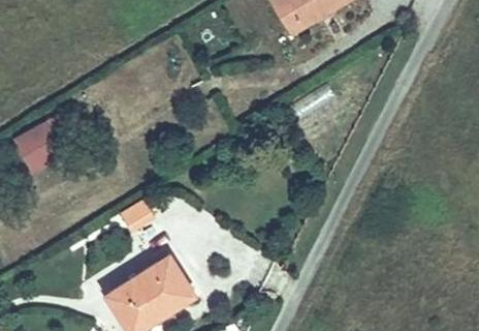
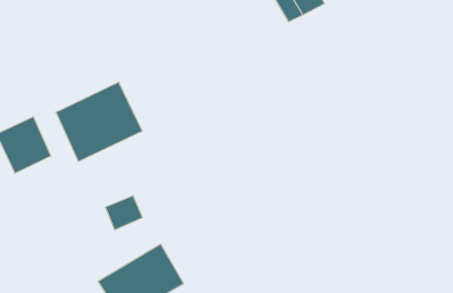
building: none -> [56,82,142,161]

